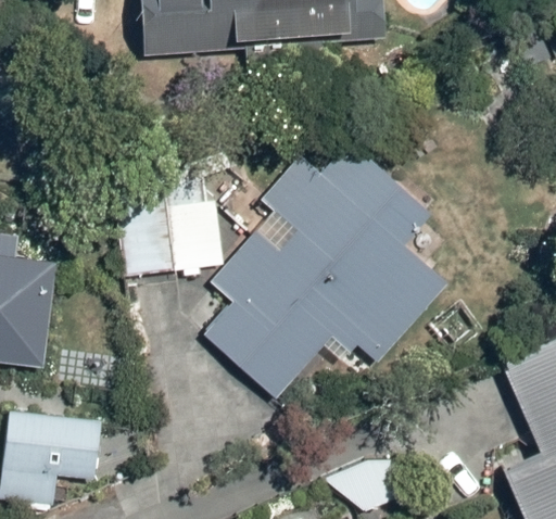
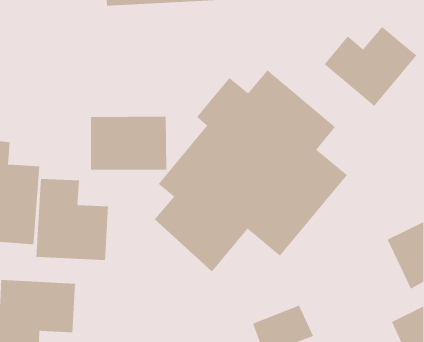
building: none -> [324,26,417,107]
building: none -> [36,178,108,261]

